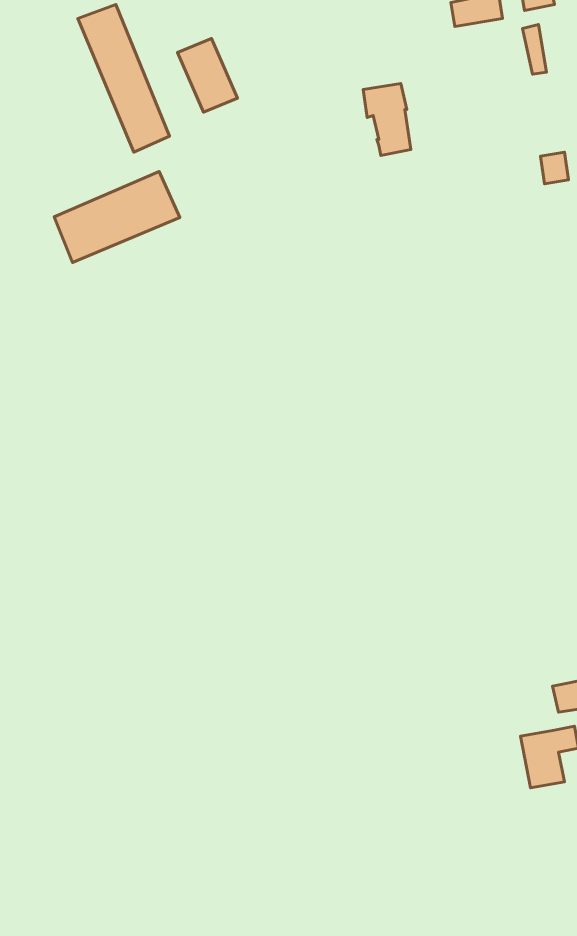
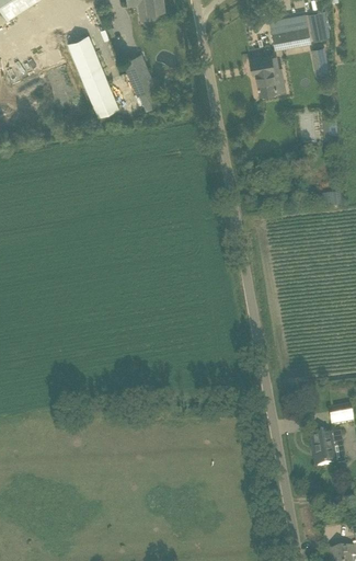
building: [363,84,411,155] -> [250,54,276,93]
building: [54,171,180,262] -> none

